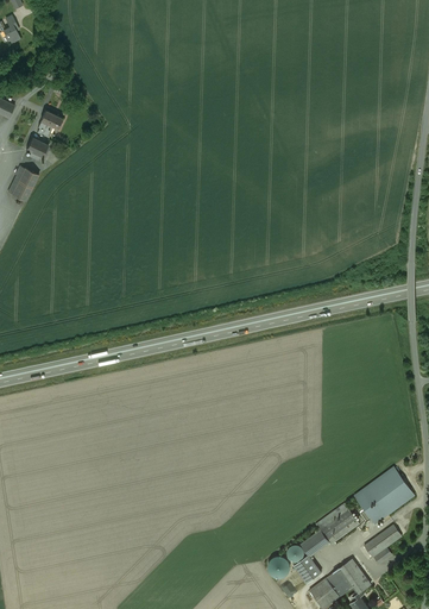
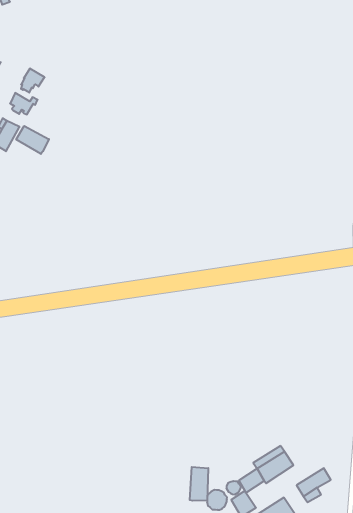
building: none -> [16,126,49,154]
building: [353,466,414,523] -> none
building: none -> [190,467,208,501]

